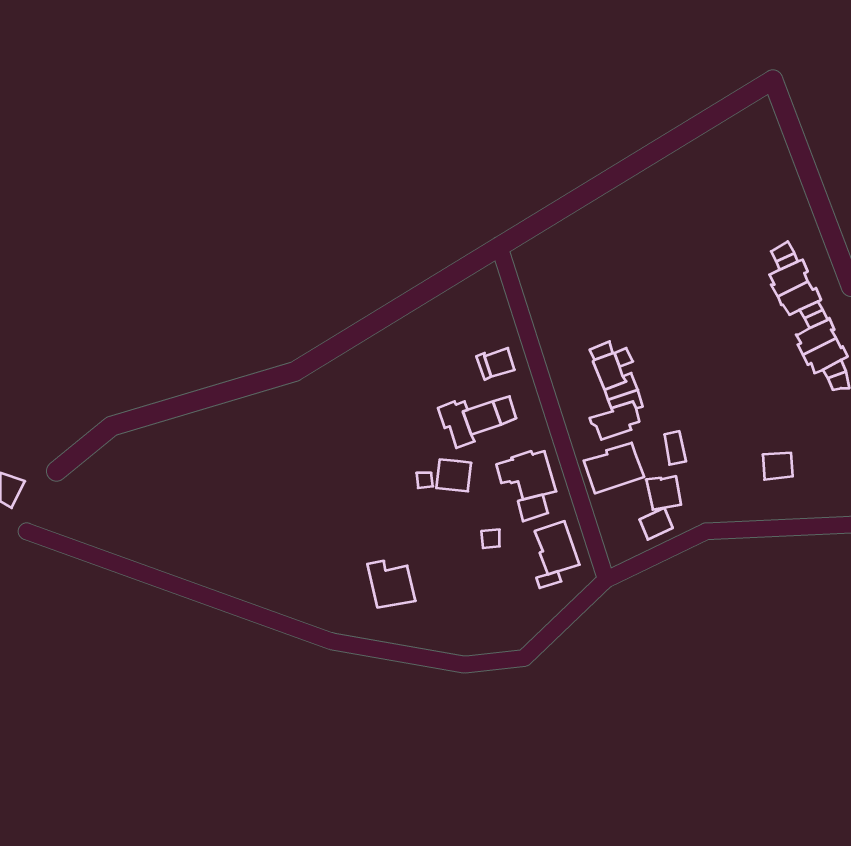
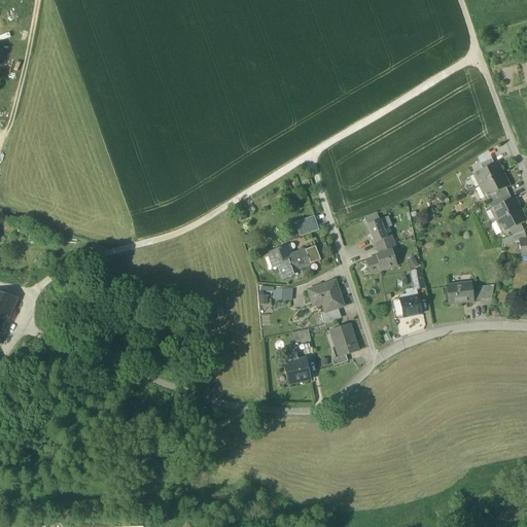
building: [584,443,644,493] -> none
building: none -> [448,281,472,301]
building: [367,561,416,607] -> [281,353,311,382]

